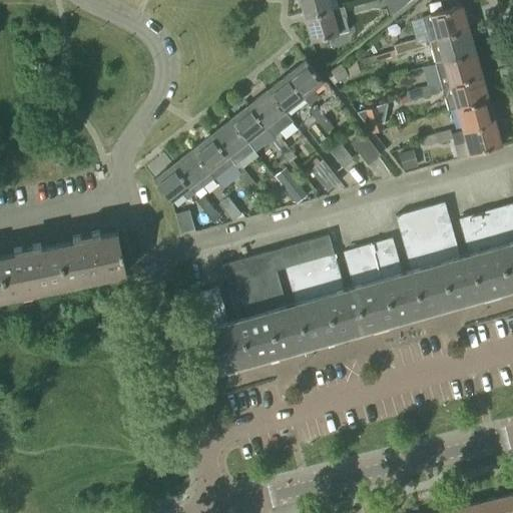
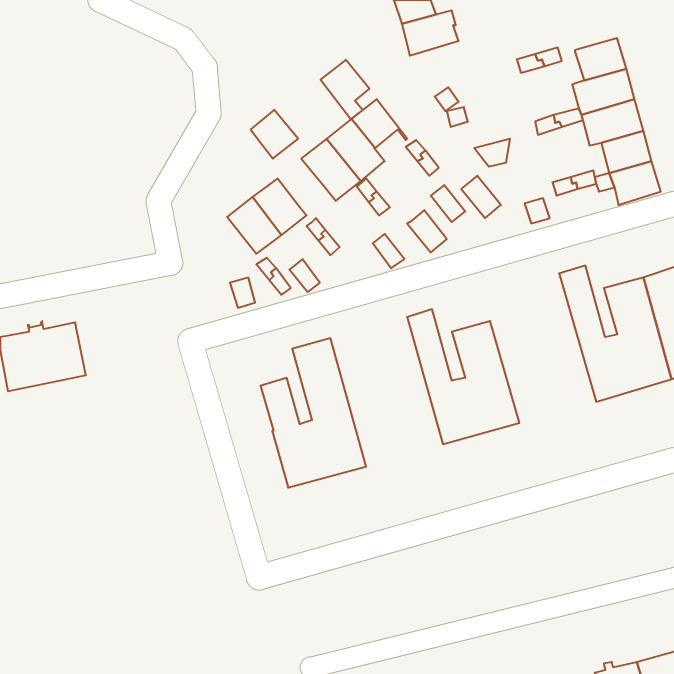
building: [422,7,469,42] -> none
building: [287,61,324,106] -> [321,60,369,119]
building: [211,121,247,158] -> [251,110,298,159]
building: [154,165,195,203] -> none
building: [373,208,453,322] -> none
building: [58,231,126,286] -> none
building: [251,241,337,355] -> none

